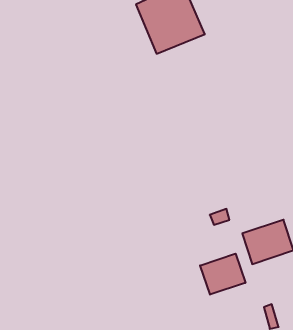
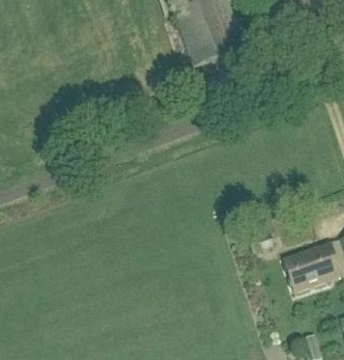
building: [200,254,245,295] -> none

